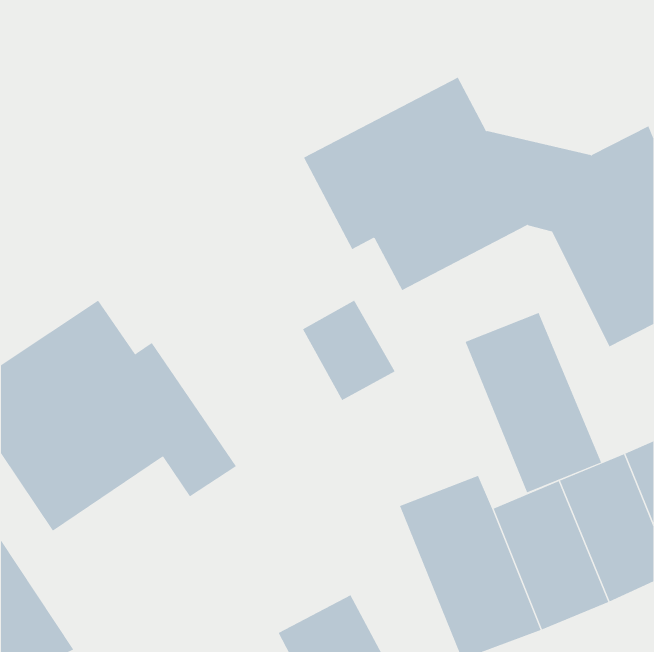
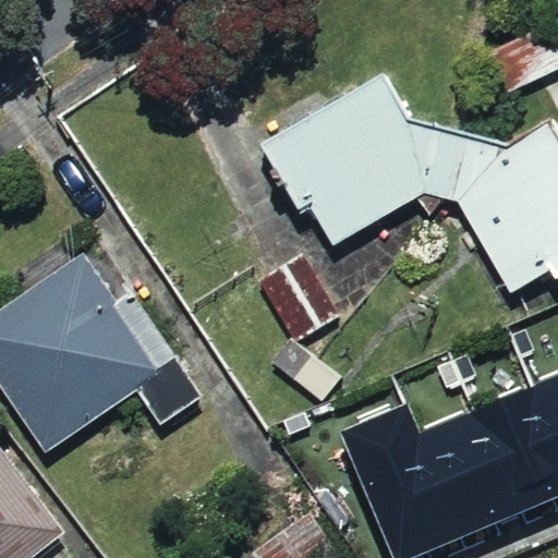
building: [465,312,602,493] -> none

